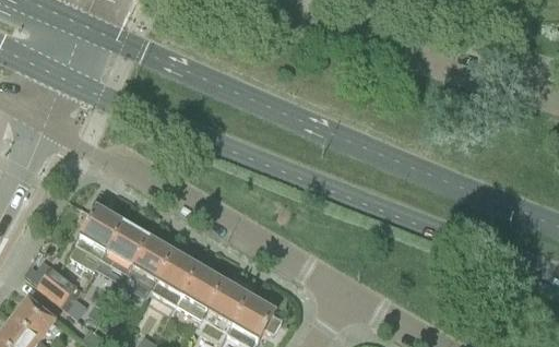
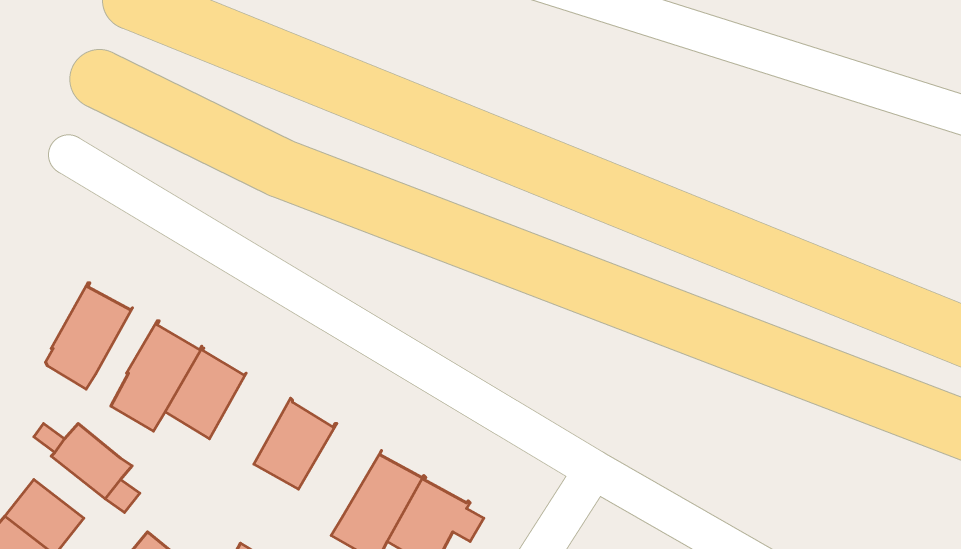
building: [122,238,171,298] -> [45,283,132,389]
building: [176,266,223,319] -> none

